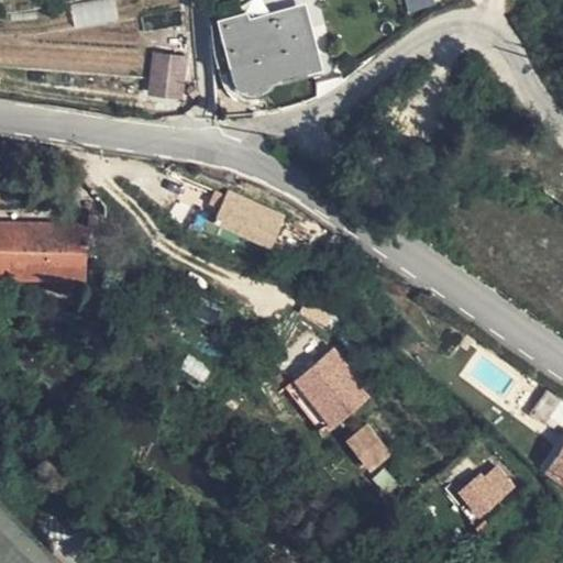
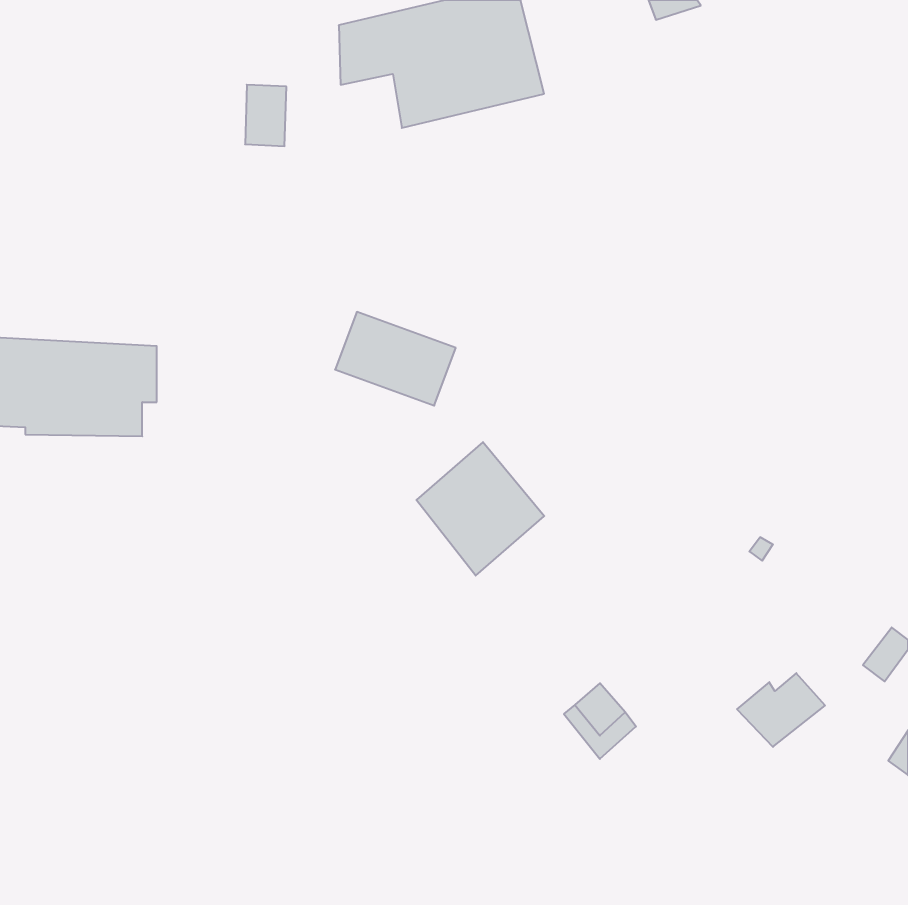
building: [286,354,364,435] -> [416,442,544,576]
building: [460,467,514,512] -> [737,673,825,747]

